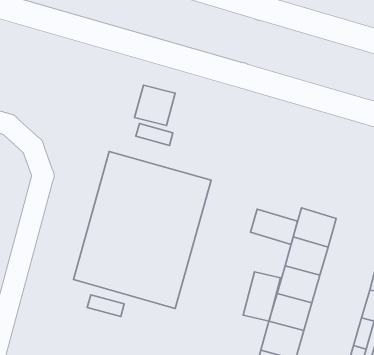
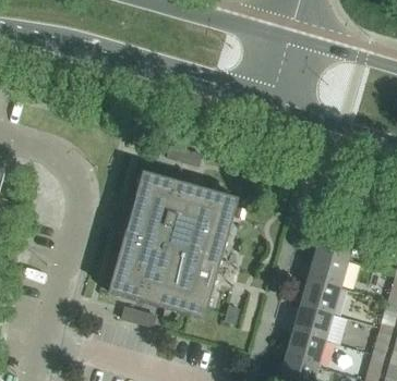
building: [134,85,175,126] -> none
building: [251,209,298,244] -> none
building: [243,272,281,321] -> none

